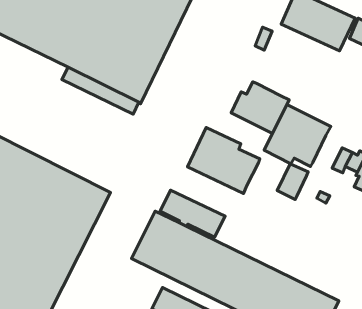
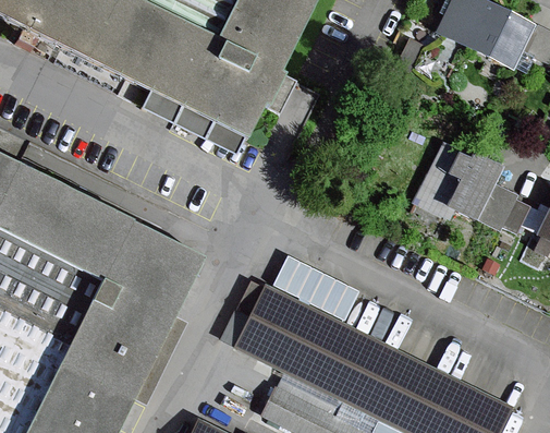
building: [231,82,289,133] -> none
building: [188,128,260,194] -> none
building: [277,164,308,200] -> [477,182,518,230]

